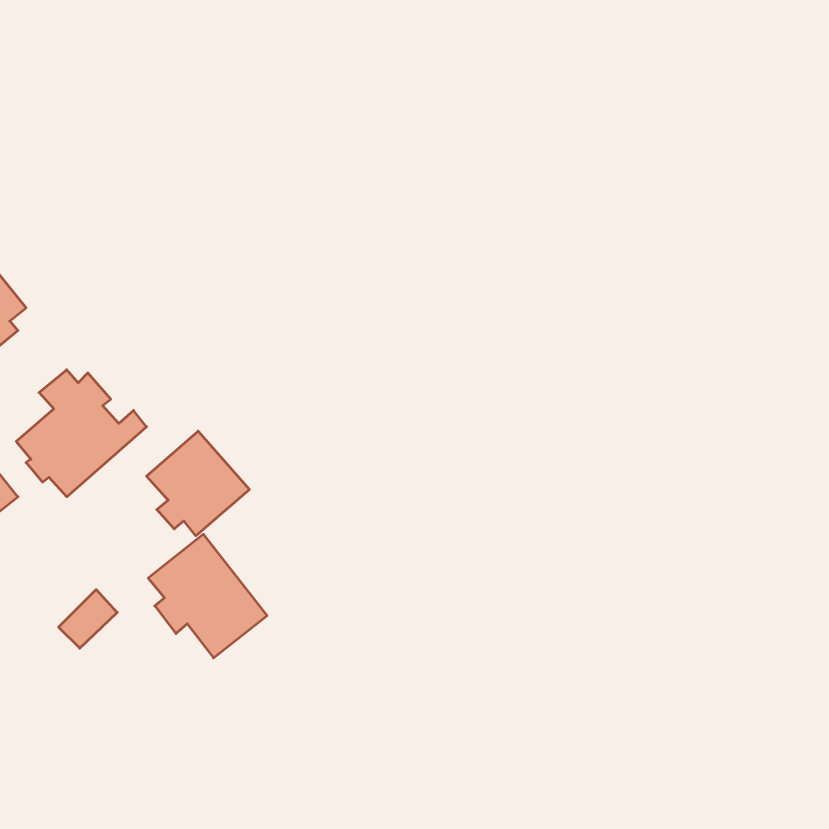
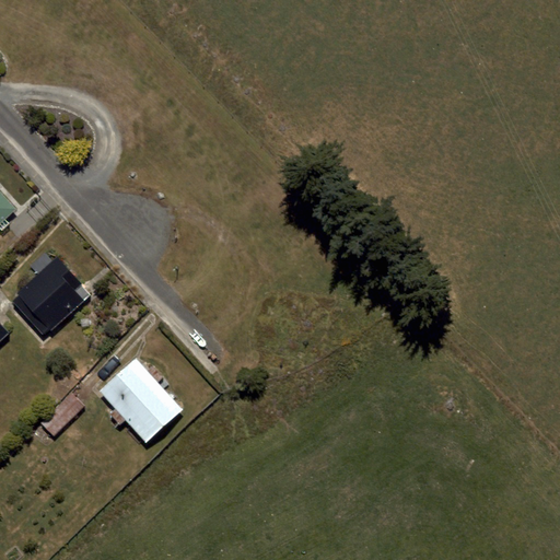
building: [147,431,249,536] -> none

